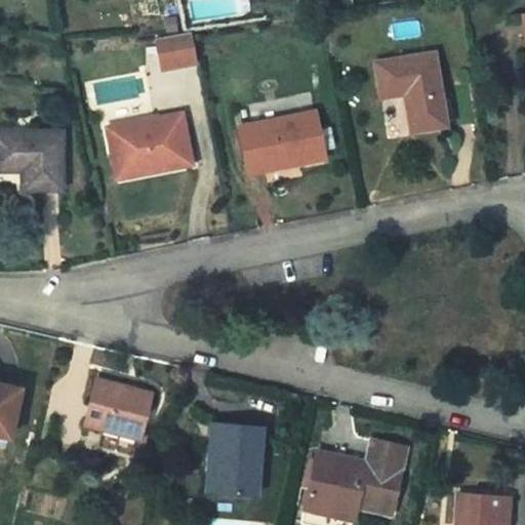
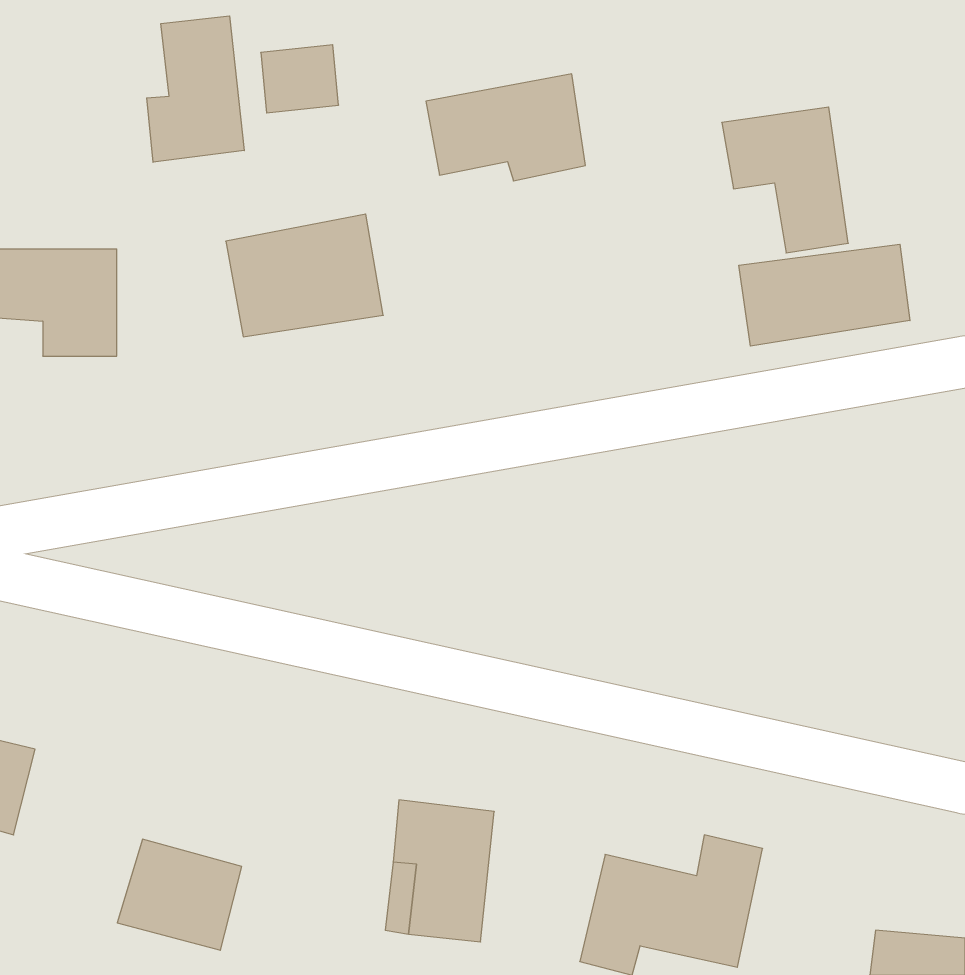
building: none -> [147,16,244,162]
building: [244,114,328,170] -> [426,74,585,181]
building: none -> [739,244,910,346]
building: [82,382,148,441] -> [117,839,242,950]

